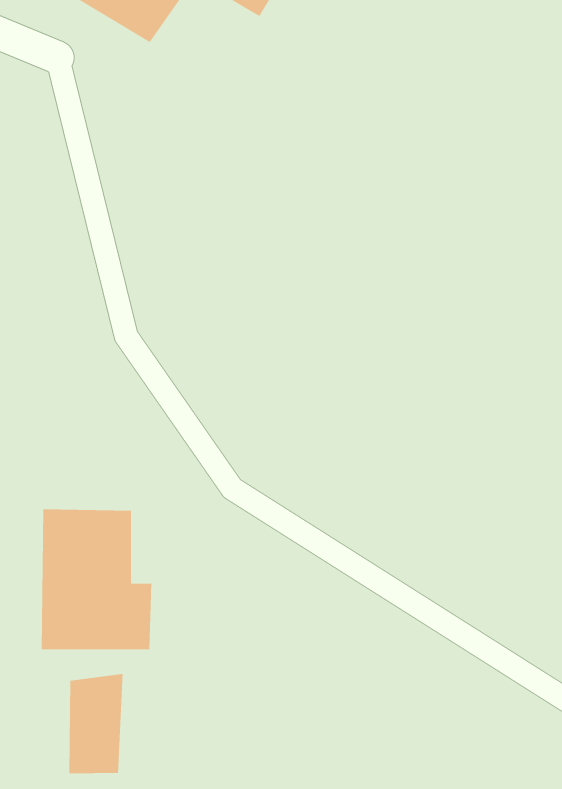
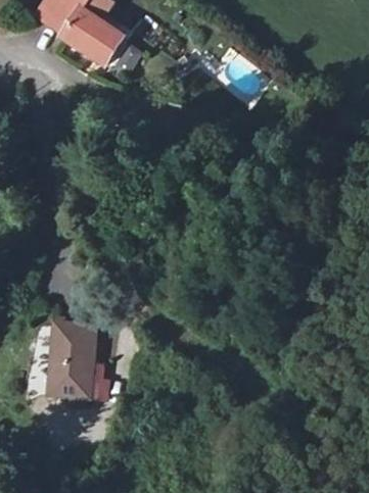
building: [69,673,123,774] -> none

